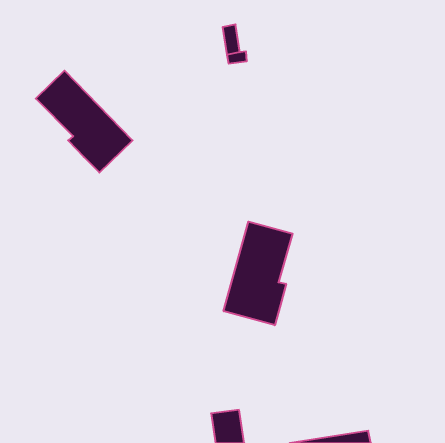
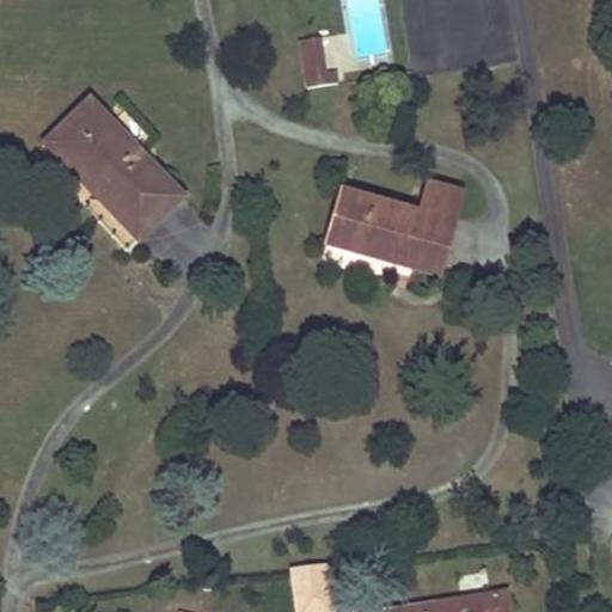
building: none -> [328,183,452,271]
building: [224,222,293,325] -> none

